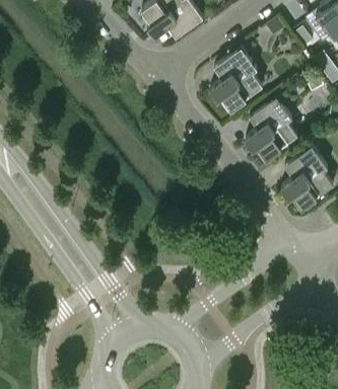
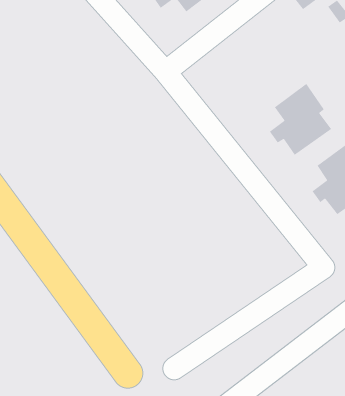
building: [209,50,262,110] -> none

